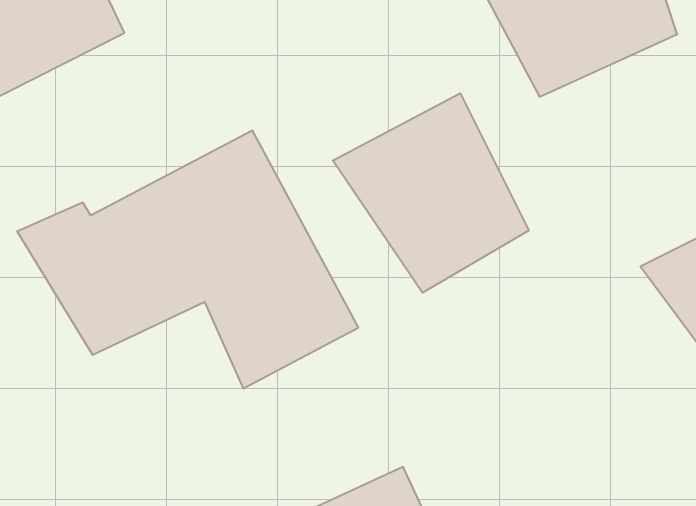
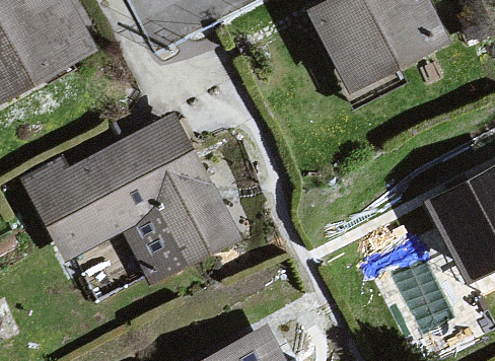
building: [333,93,529,293] -> none

